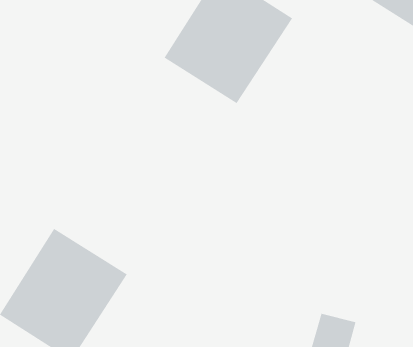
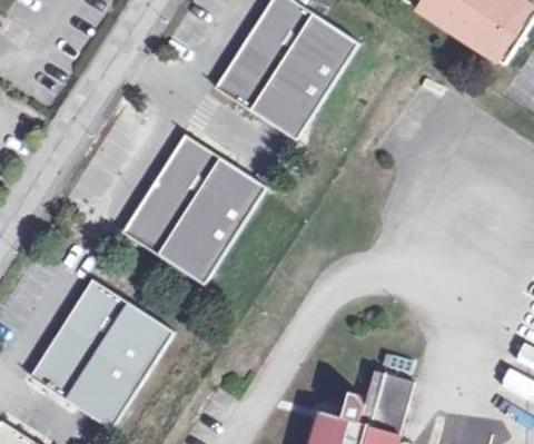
building: none -> [118,131,264,283]

